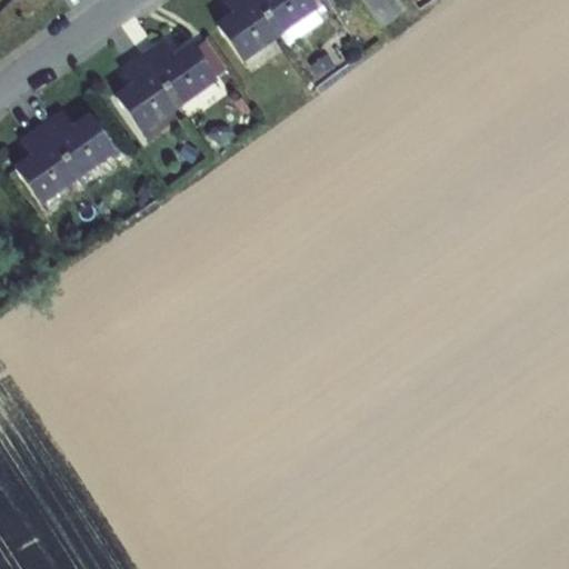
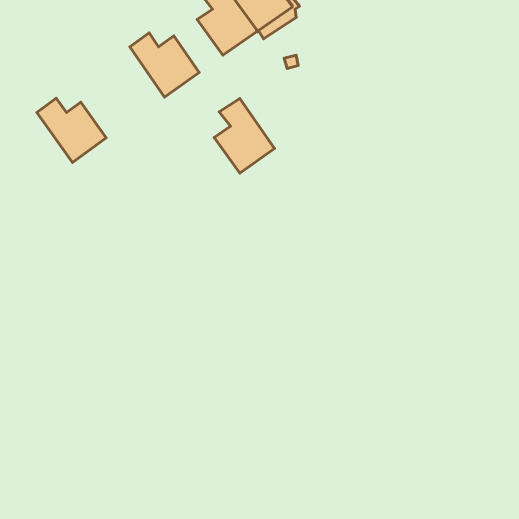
building: [117,51,182,132] -> [214,99,274,173]
building: [16,122,82,204] -> none

